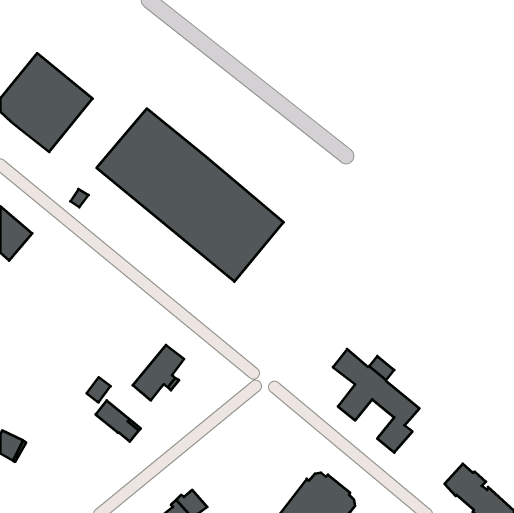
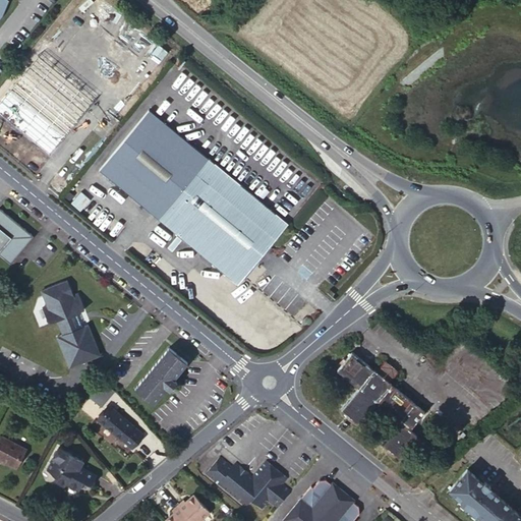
building: none -> [41,284,96,369]
building: none -> [48,448,96,489]
building: none -> [206,458,290,509]

